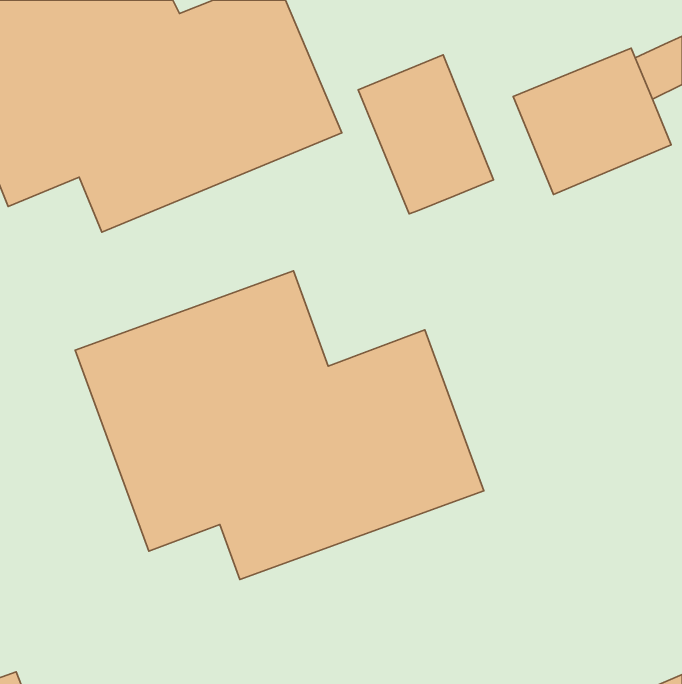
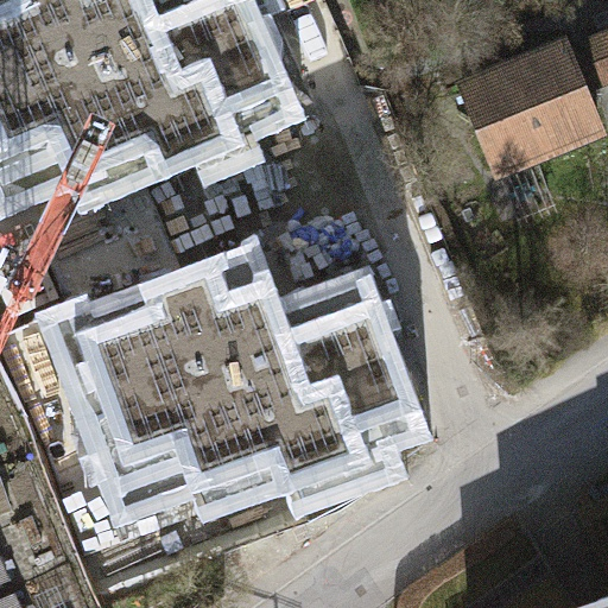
building: [358,55,493,214] -> none

